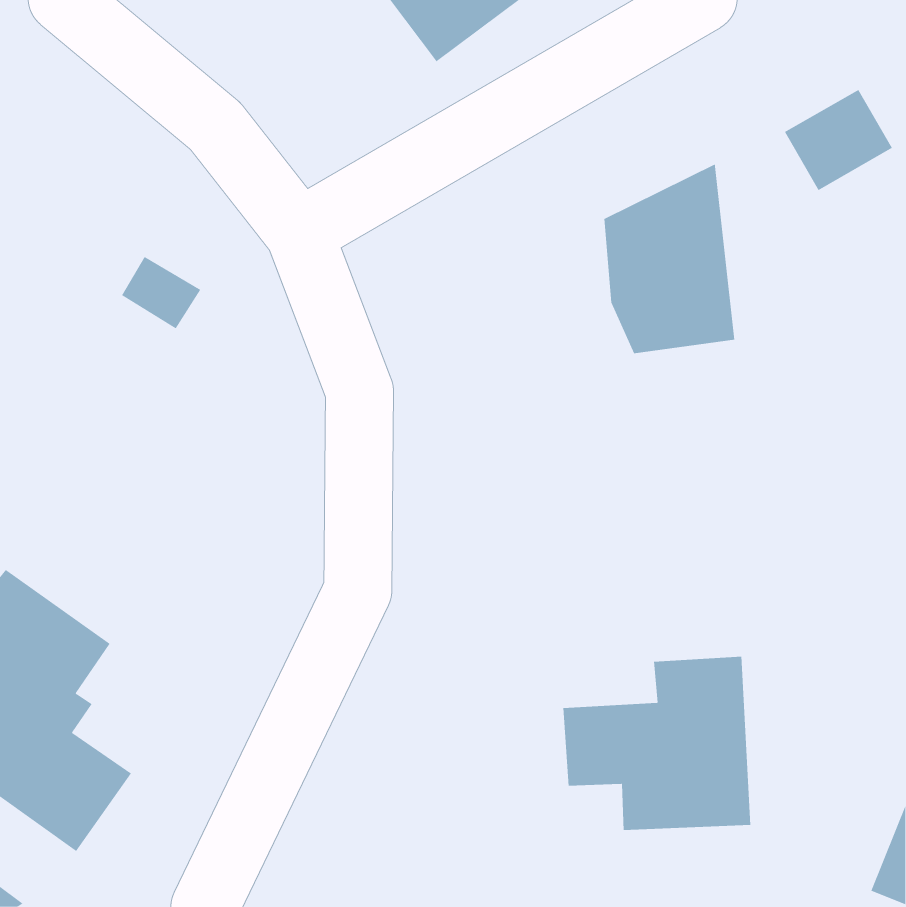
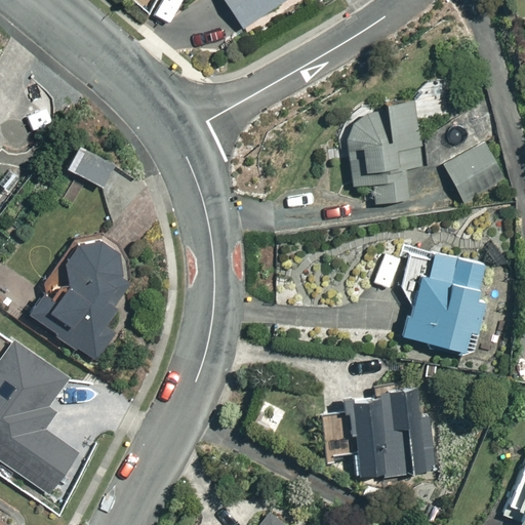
building: [784,89,893,191] -> [441,142,503,200]
building: none -> [49,245,123,362]
building: none -> [402,252,492,353]

